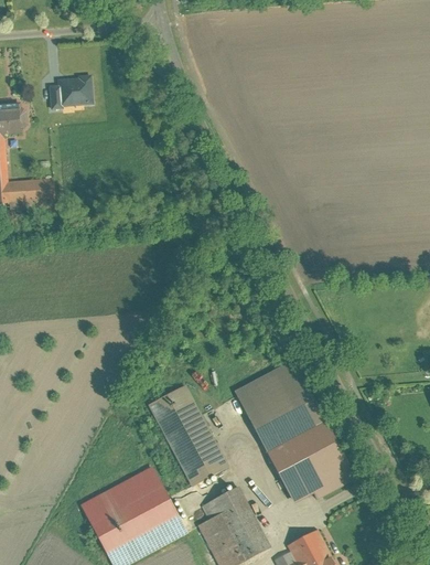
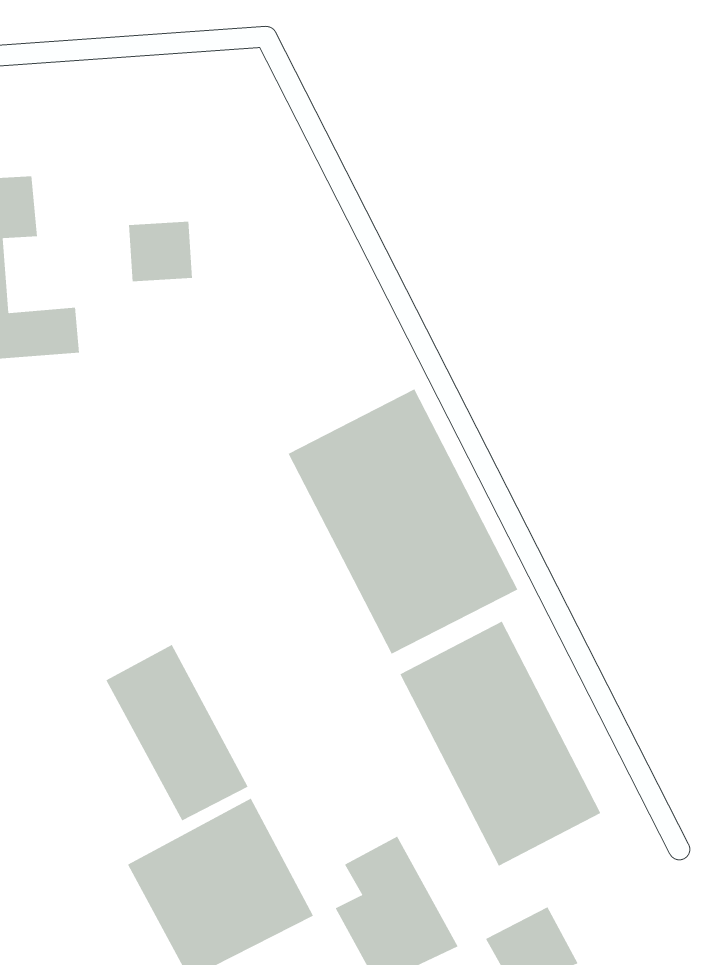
building: [55,70,93,105] -> [128,221,193,282]
building: none -> [288,389,518,655]
building: [146,382,228,484] -> [106,644,248,821]

